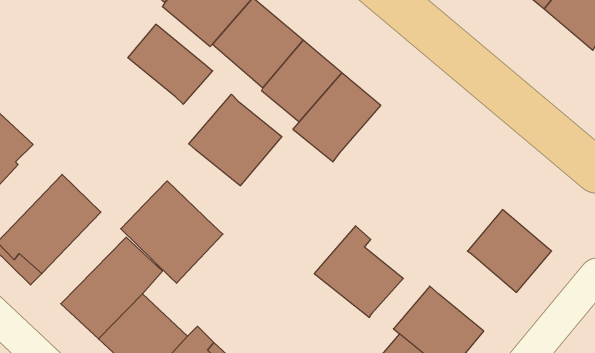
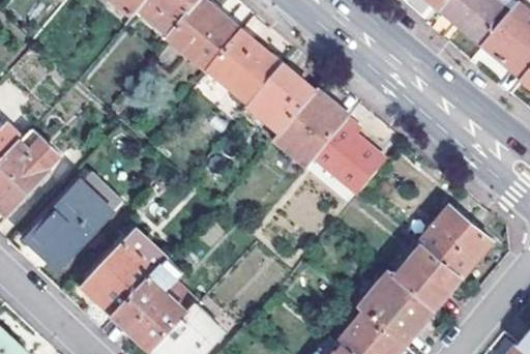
building: [128,24,213,104] -> none
building: [189,94,282,186] -> none
building: [121,181,223,283] -> none
building: [314,226,403,317] -> [314,121,387,197]
building: none -> [395,243,460,307]

